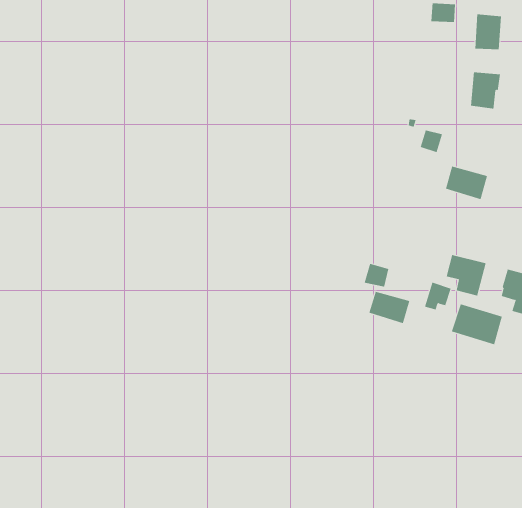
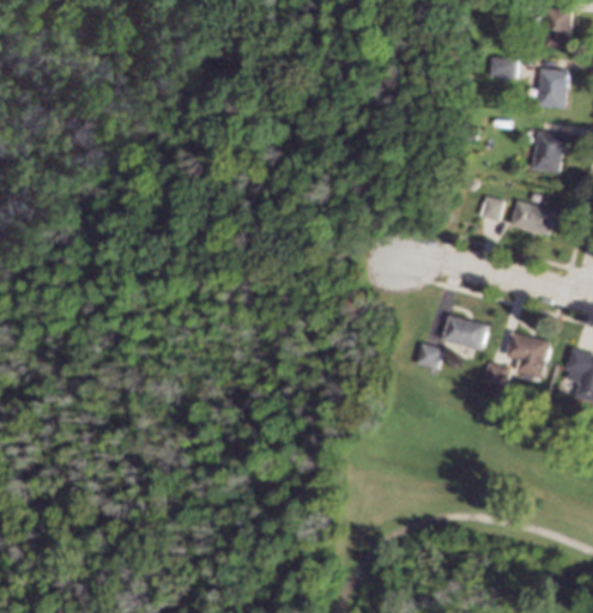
building: [445,166,488,200] -> [509,200,556,237]
building: [369,291,410,324] -> [443,315,489,351]
building: [451,303,503,345] -> none

